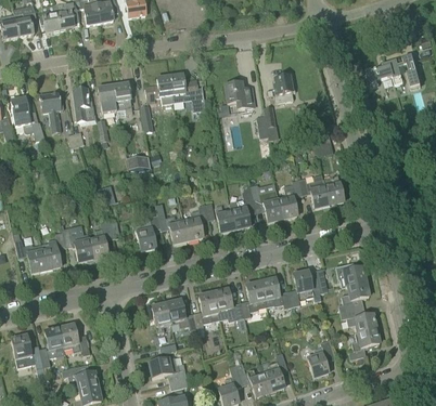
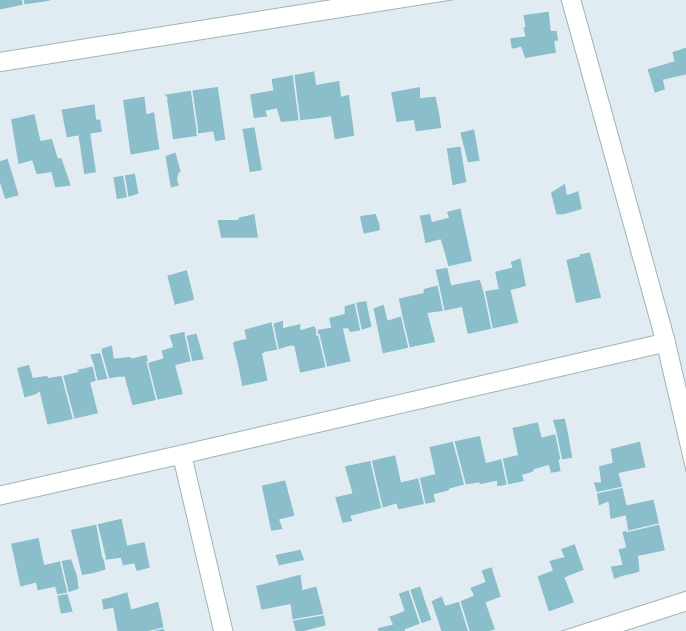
building: [267,75,295,102] -> [509,11,559,59]
building: [298,174,329,208] -> [419,208,473,267]
building: [335,262,366,287] -> none
building: [166,300,197,330] -> none

